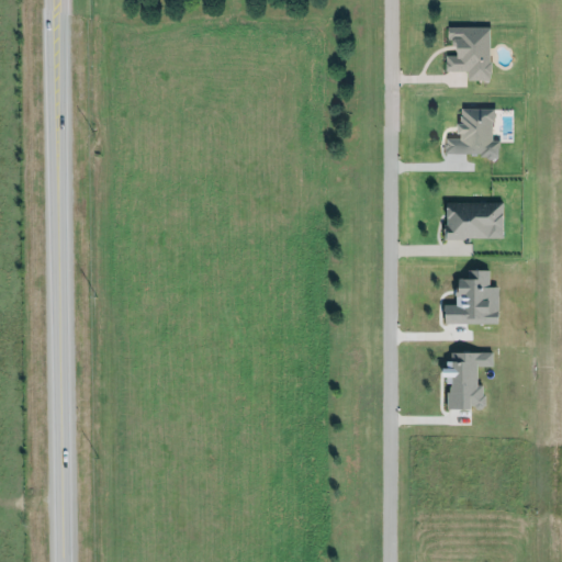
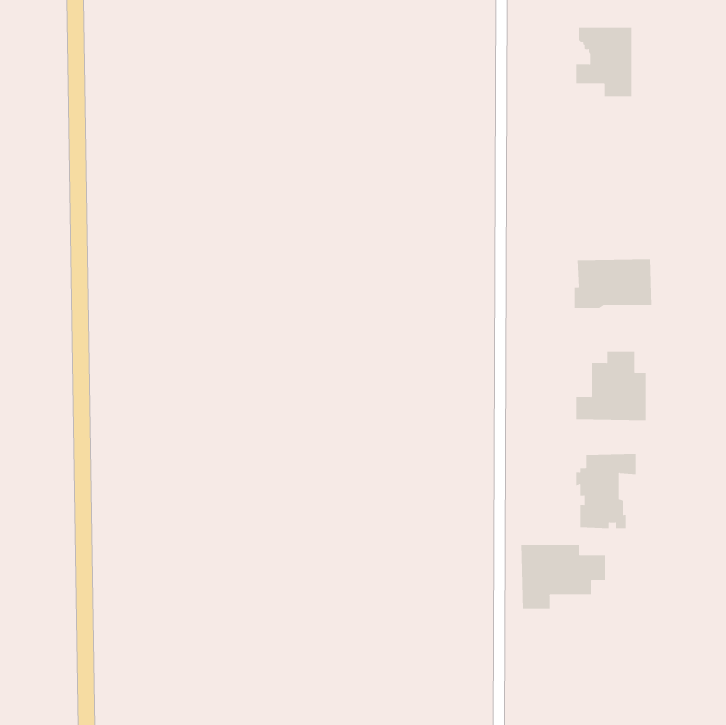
building: [443,103,498,159] -> none
building: none -> [521,544,605,610]

